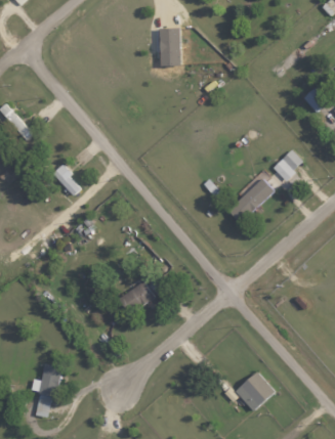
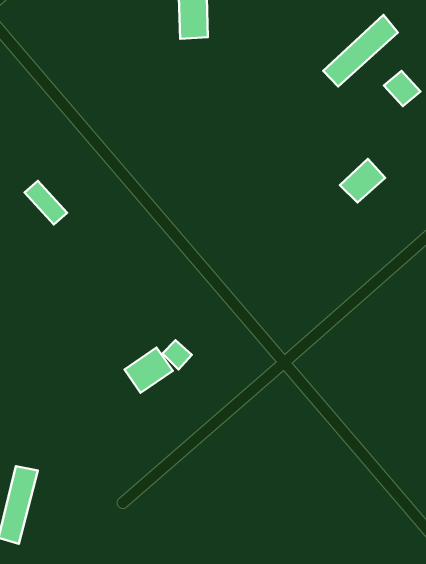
building: none -> [323,15,398,86]
building: [227,178,274,223] -> none
building: [235,372,274,411] -> none

